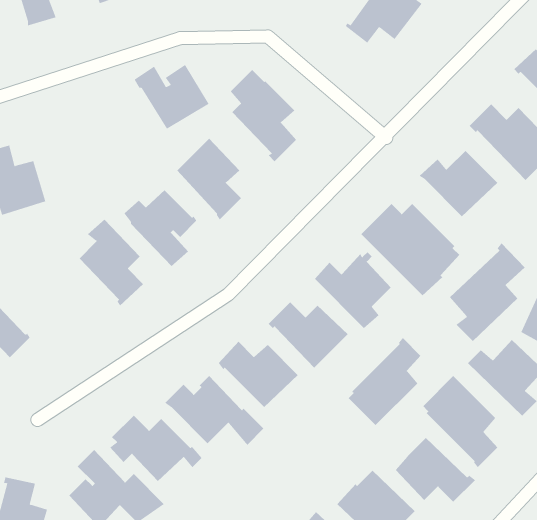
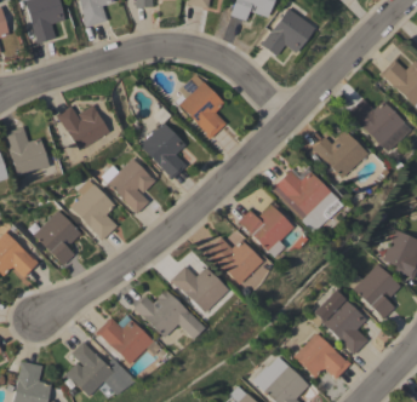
building: [134,64,209,129] -> [57,104,110,150]
building: [449,243,526,342] -> none
building: none -> [28,211,82,265]
building: [348,337,421,426] -> none

